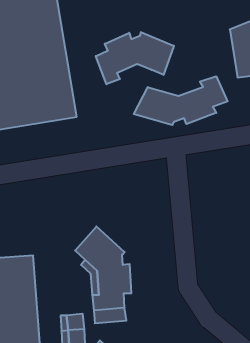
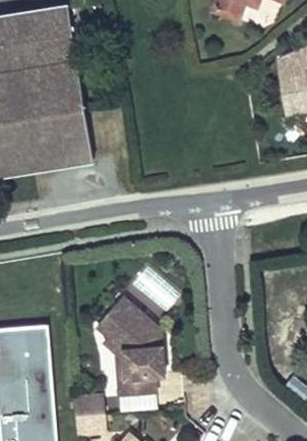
building: [96,32,174,84] -> none
building: [134,76,228,125] -> none

